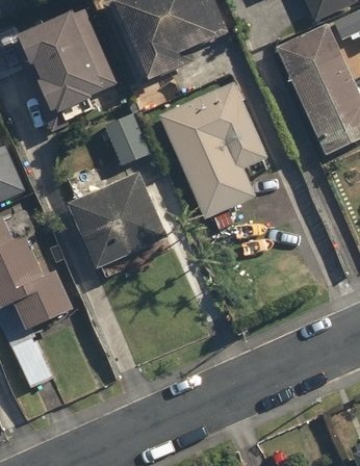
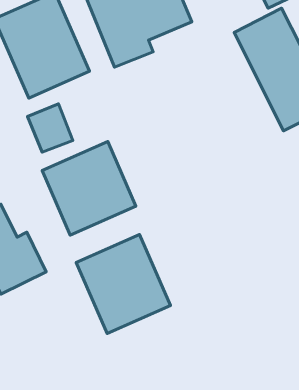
building: [156,78,265,218] -> none
building: [99,112,148,164] -> [28,104,73,152]
building: none -> [76,234,171,333]

